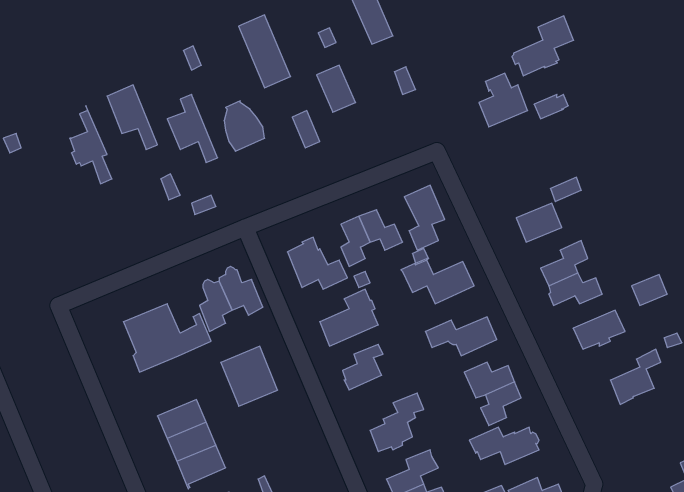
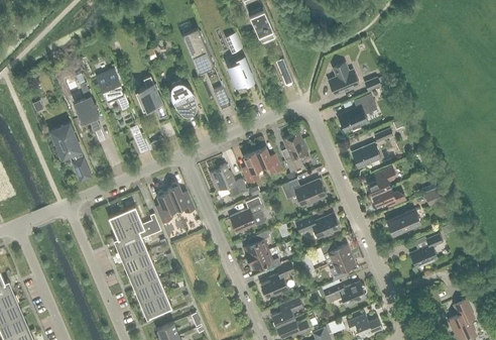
building: [512,16,574,76] -> [338,94,376,131]
building: none -> [51,122,91,181]
building: [221,346,278,406] -> [118,238,153,275]
building: none -> [248,250,280,271]

